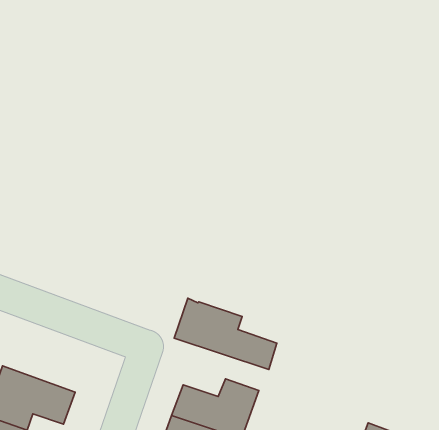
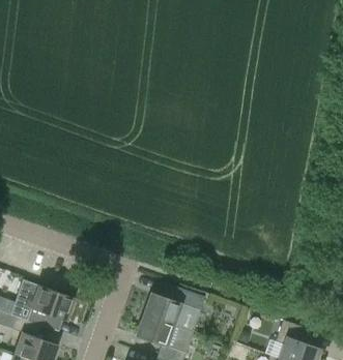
building: [174,298,277,369] -> none

